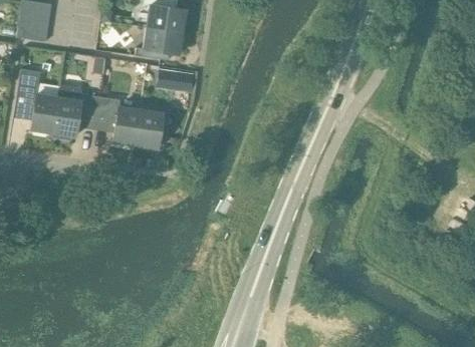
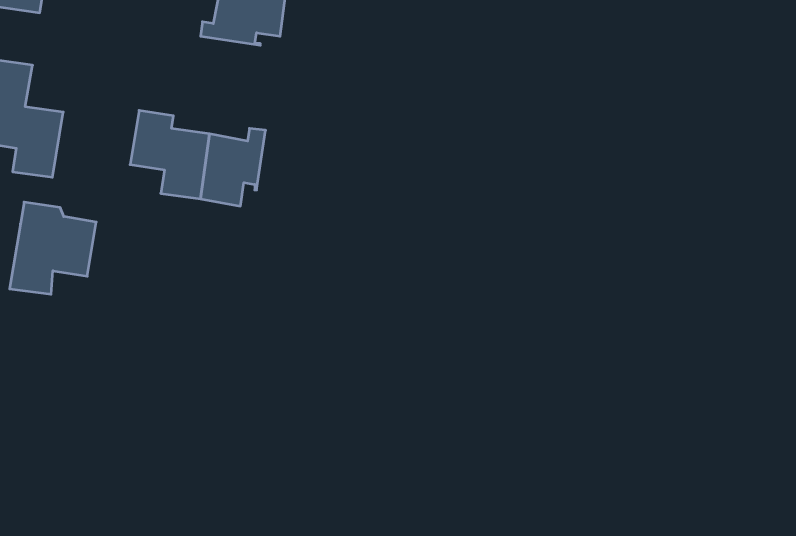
building: [157,68,194,93] -> none
building: [53,85,101,136] -> [10,202,96,294]

